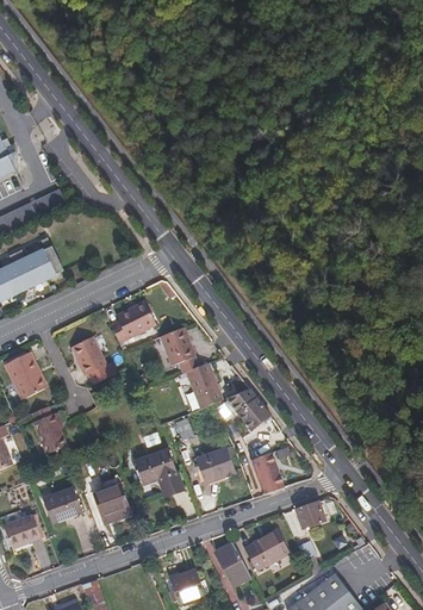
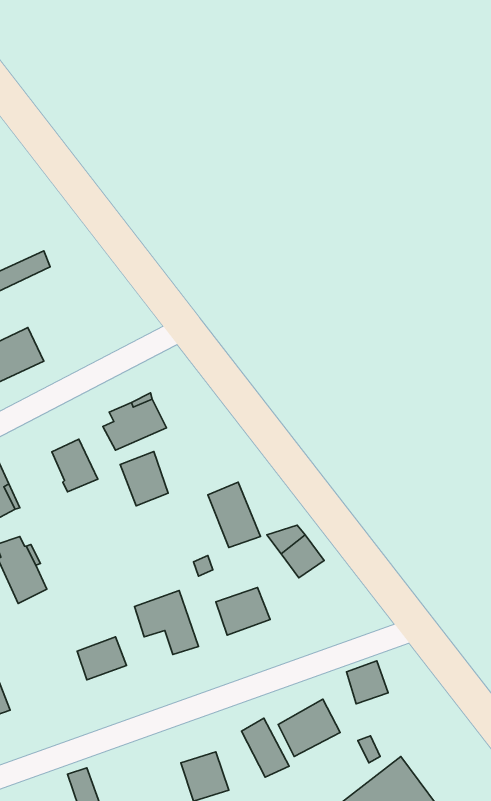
building: [161,328,197,368] -> [120,452,168,506]
building: [253,450,282,492] -> none
building: [42,485,80,521] -> none

